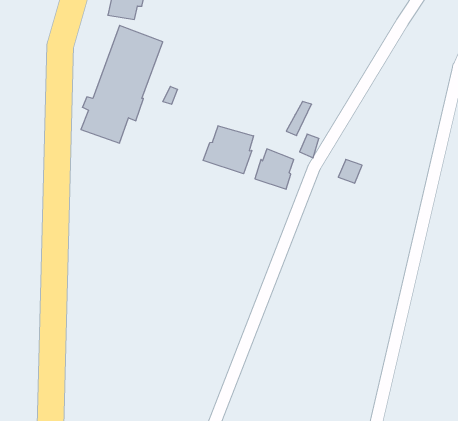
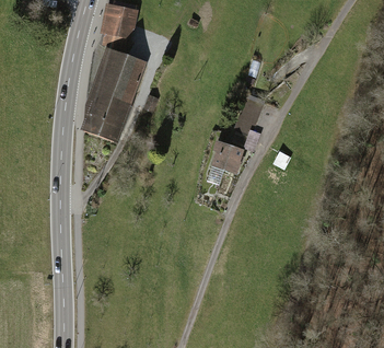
building: [203,126,254,174] -> none

